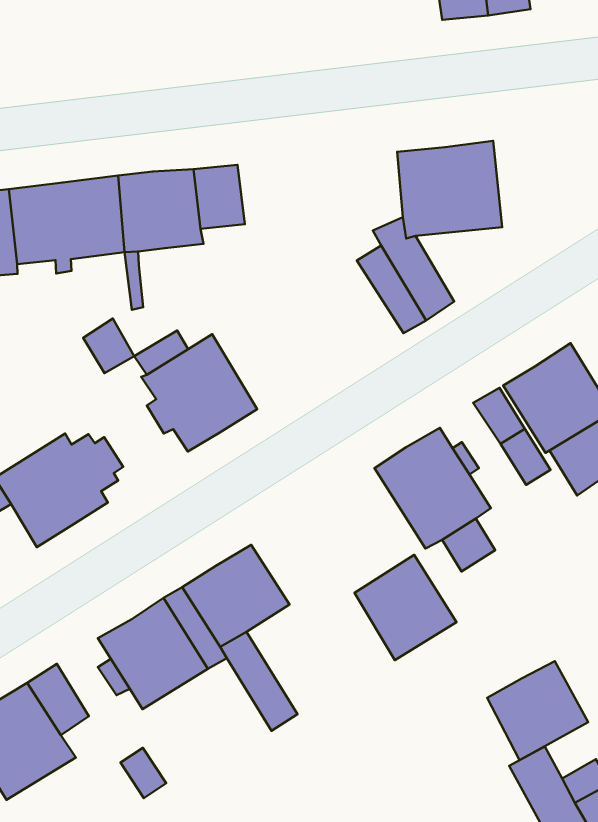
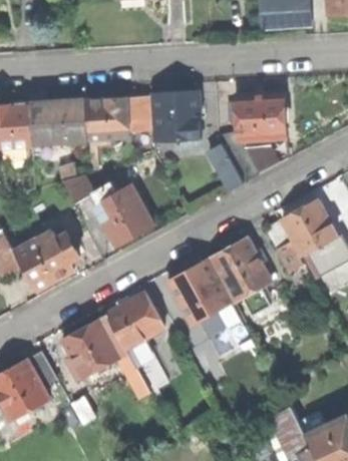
building: none -> [156,91,200,138]
building: none -> [165,261,230,327]
building: [487,661,588,760] -> none

